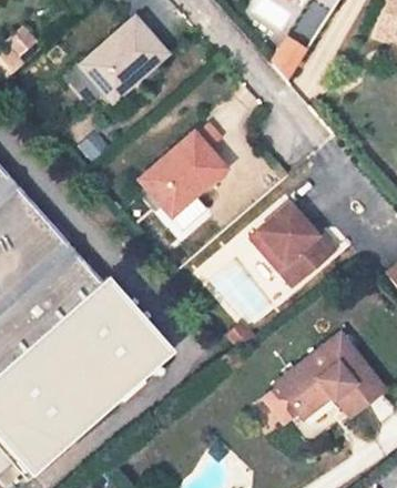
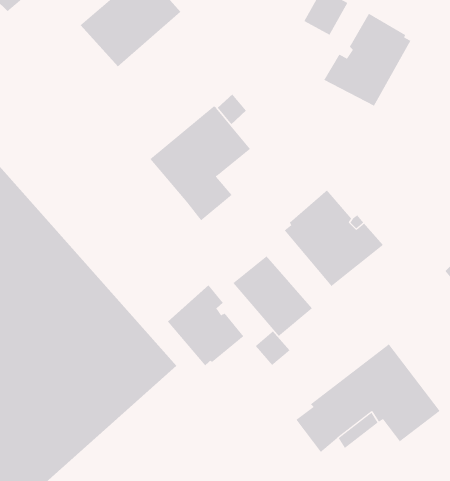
building: none -> [324,13,411,107]
building: none -> [167,285,244,366]

